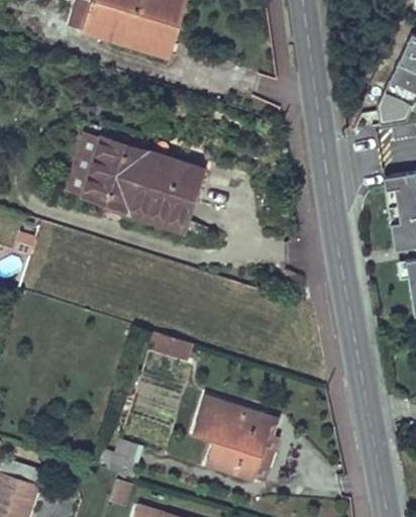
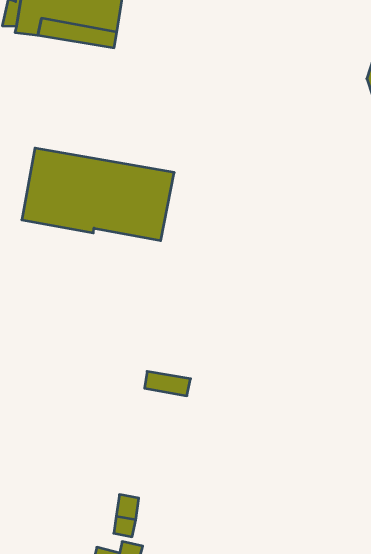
building: [196,398,271,478] -> none

